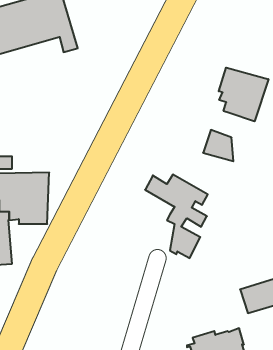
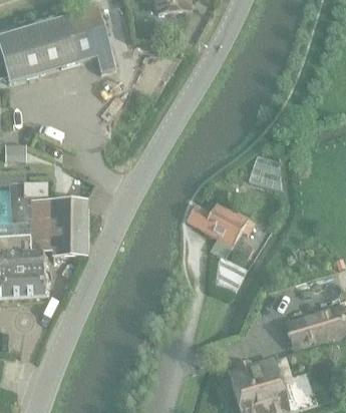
building: [219,68,268,121] -> none

